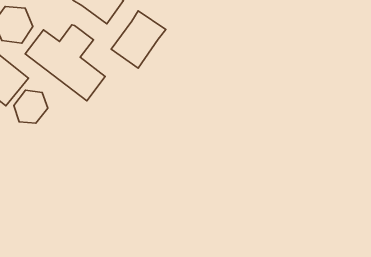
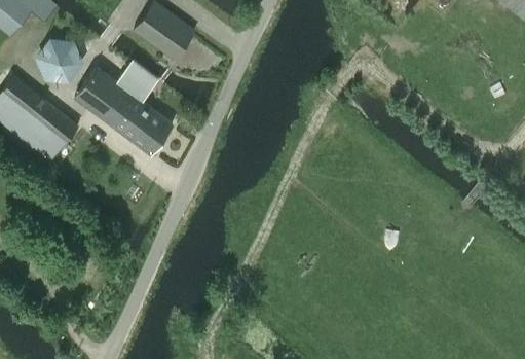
building: [111,11,166,68] -> none
building: [14,90,48,123] -> none

